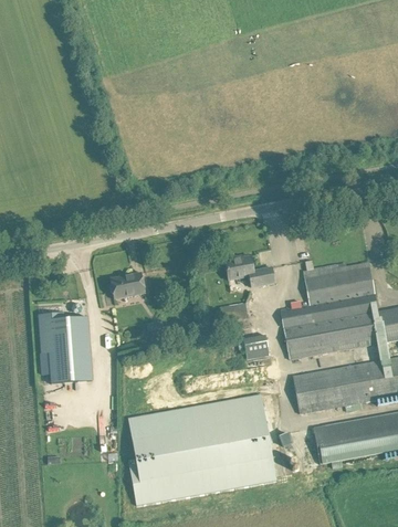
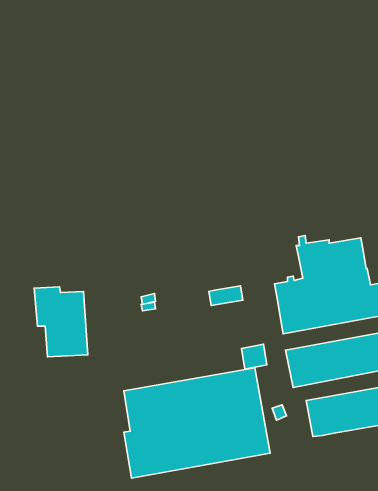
building: [224,255,275,287] -> none
building: [109,272,145,298] -> none
building: [243,334,269,359] -> [242,344,267,369]

